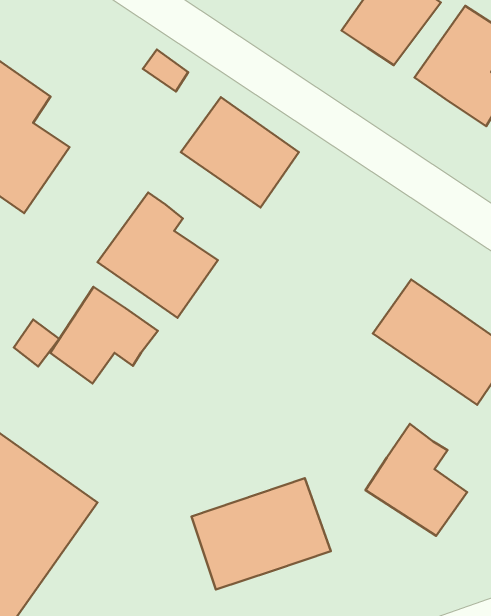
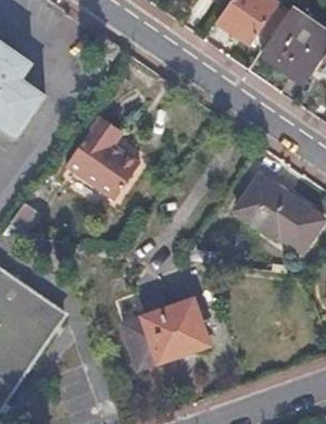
building: [181,97,299,207] -> none
building: [50,287,158,384] -> none
building: [366,424,467,536] -> none

